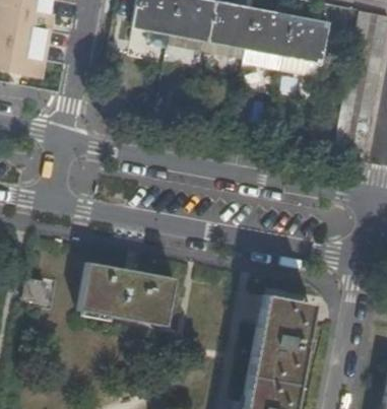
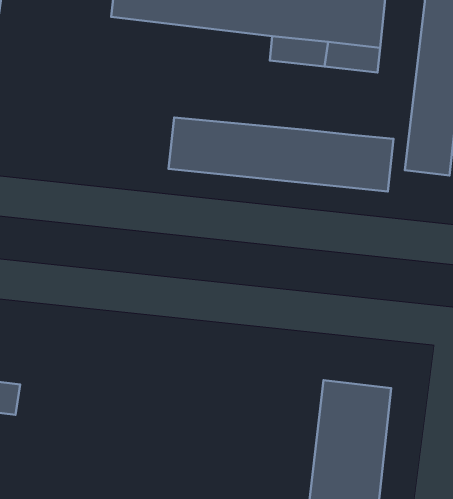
building: none -> [169,118,394,191]
building: [77,260,176,327] -> none

